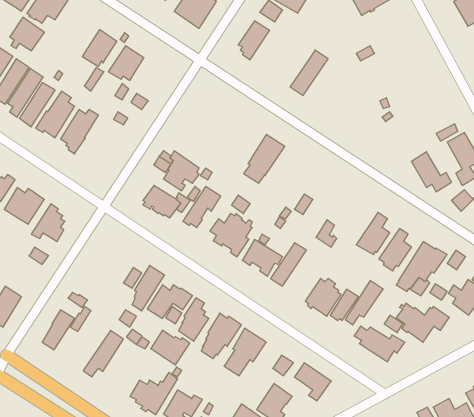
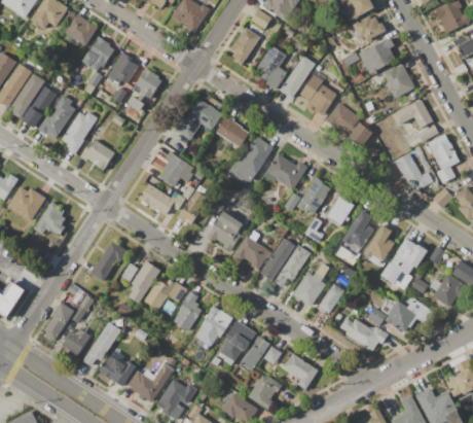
building: none -> [353,15,387,41]
building: [10,17,44,51] -> [65,13,98,45]
building: none -> [360,37,397,74]
building: none -> [258,46,288,91]
building: none -> [384,65,415,99]
building: none -> [136,69,161,99]
building: none -> [299,69,337,115]
building: none -> [177,98,222,139]
building: none -> [393,100,433,128]
building: none -> [326,103,373,147]
building: none -> [216,114,250,149]
building: none -> [80,140,115,171]
building: none -> [264,154,308,189]
building: none -> [298,177,331,214]
building: none -> [325,196,355,226]
building: none -> [90,241,128,281]
building: [345,281,383,325] -> [275,245,311,287]
building: [151,330,190,365] -> [99,353,136,386]
building: none -> [63,328,90,356]
building: none -> [241,336,270,372]

